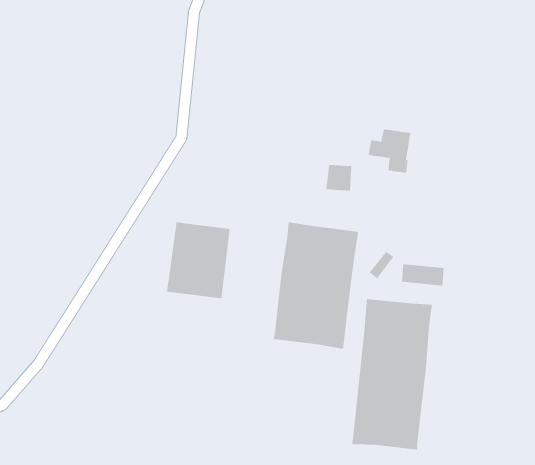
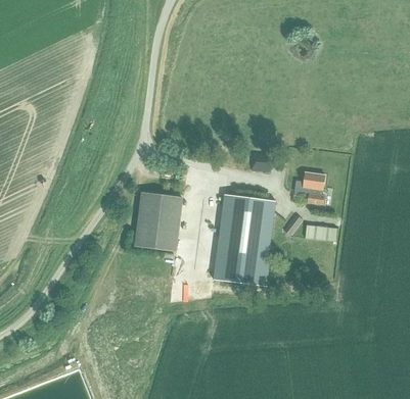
building: [368,129,411,173] -> [293,171,325,204]
building: [352,298,432,450] -> none

